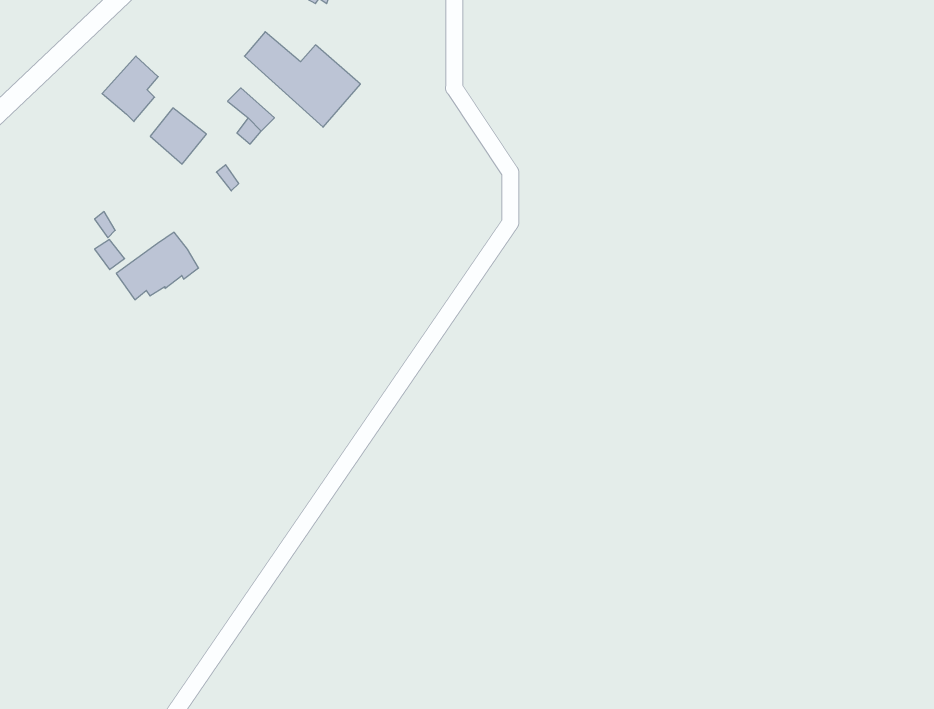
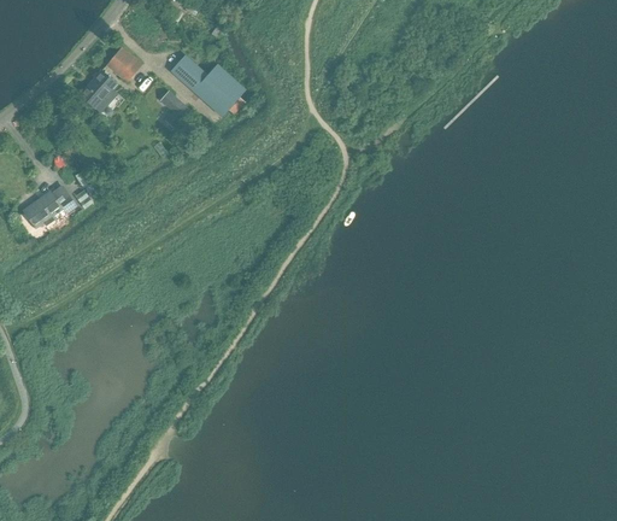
building: [150,108,206,164] -> [106,46,142,82]
building: [116,232,199,300] -> [23,183,76,227]

